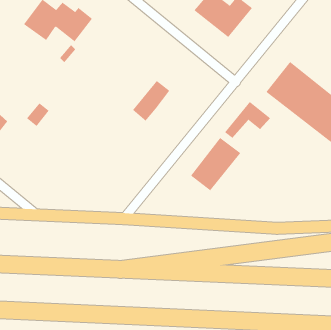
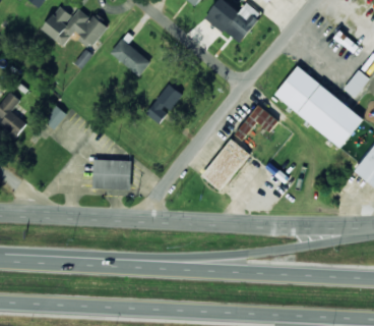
building: none -> [110,32,150,75]
building: none -> [92,159,131,188]

